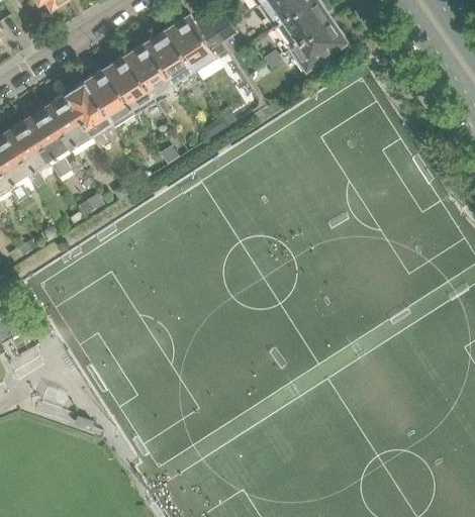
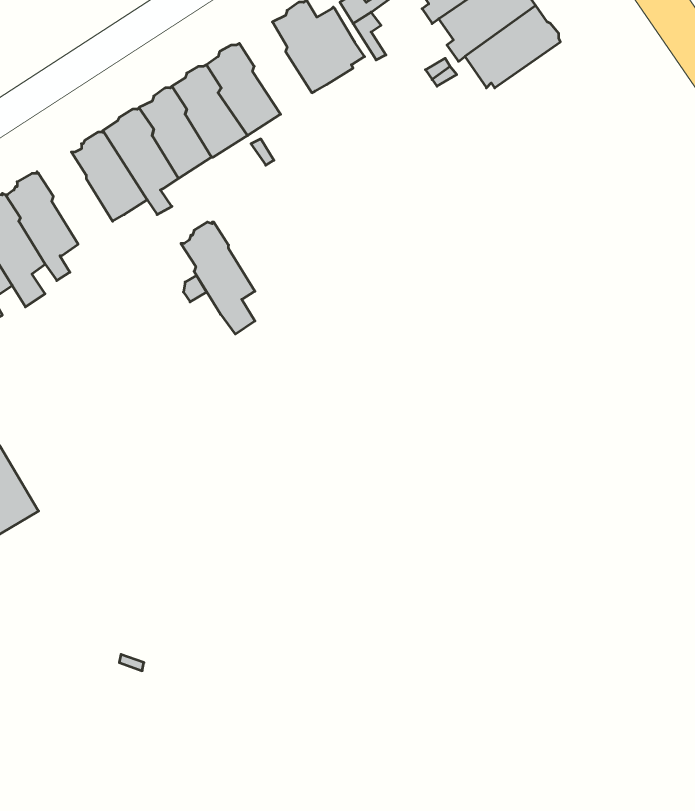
building: [148,28,192,85] -> none
building: [24,108,70,177] -> [181,222,255,334]

